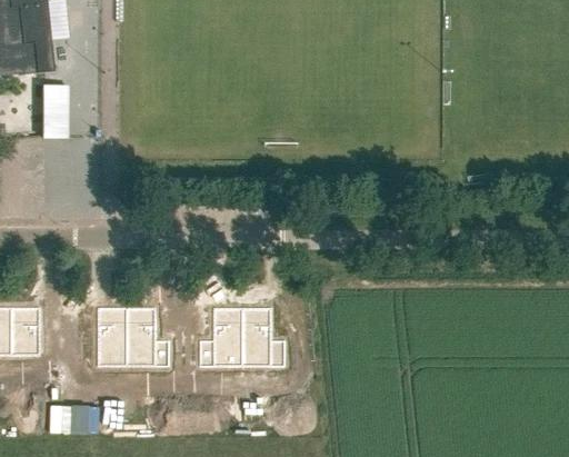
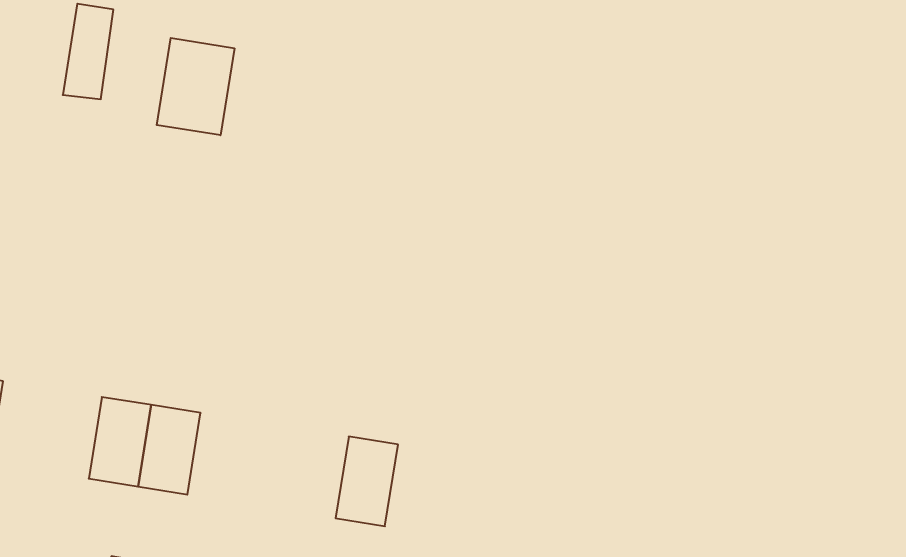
building: none -> [157,38,234,135]
building: [210,309,239,357] -> none

